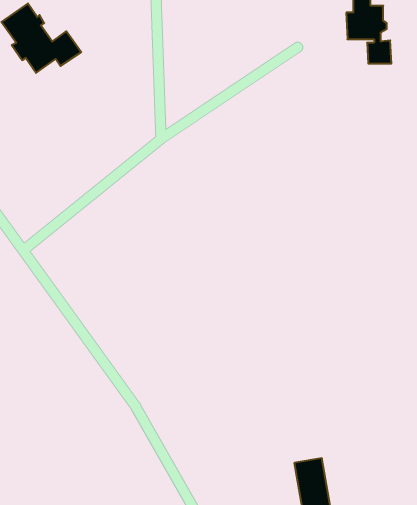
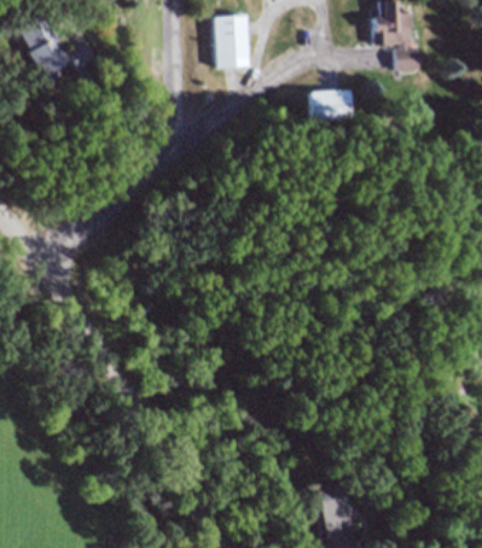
building: none -> [211,14,249,70]
building: none -> [310,89,352,122]

